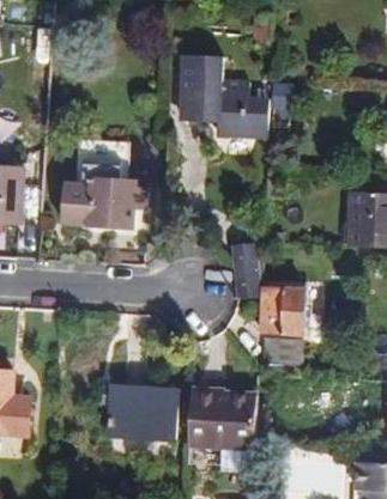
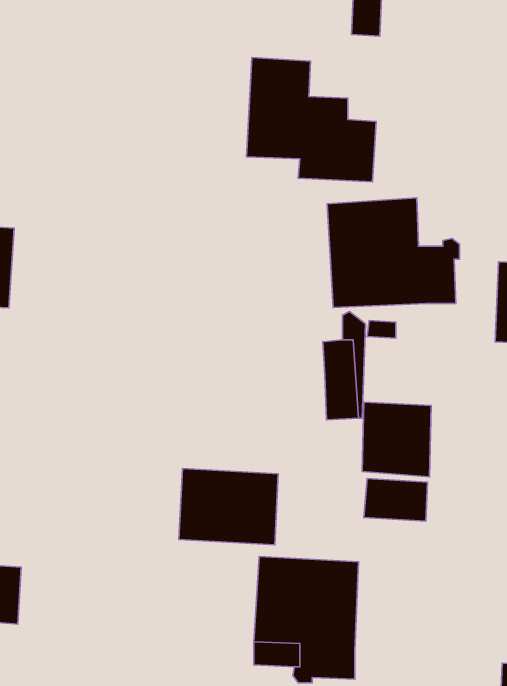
building: [61,139,146,229] -> none
building: none -> [327,198,460,307]
building: [108,387,175,438] -> [179,468,278,545]

